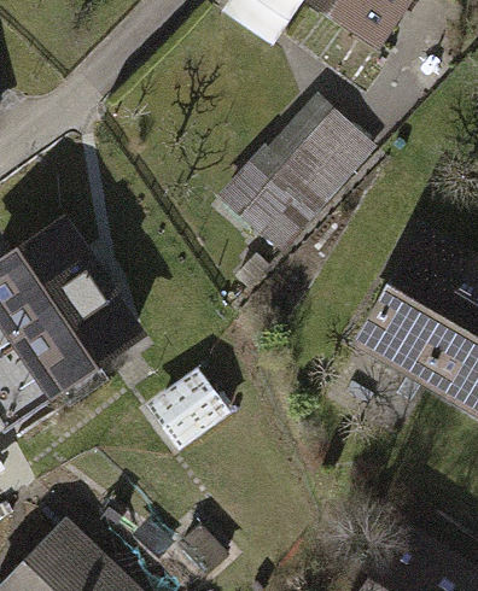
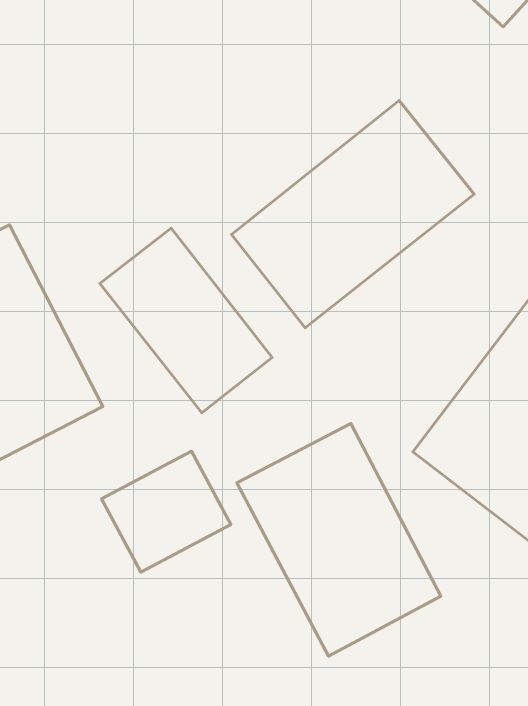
building: none -> [100,228,272,413]
building: none -> [237,423,441,656]

